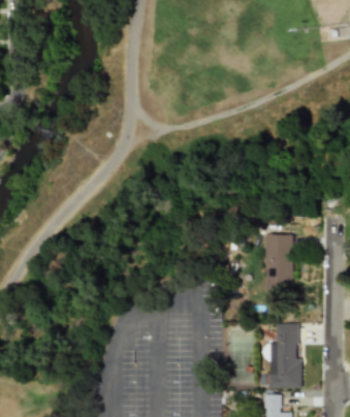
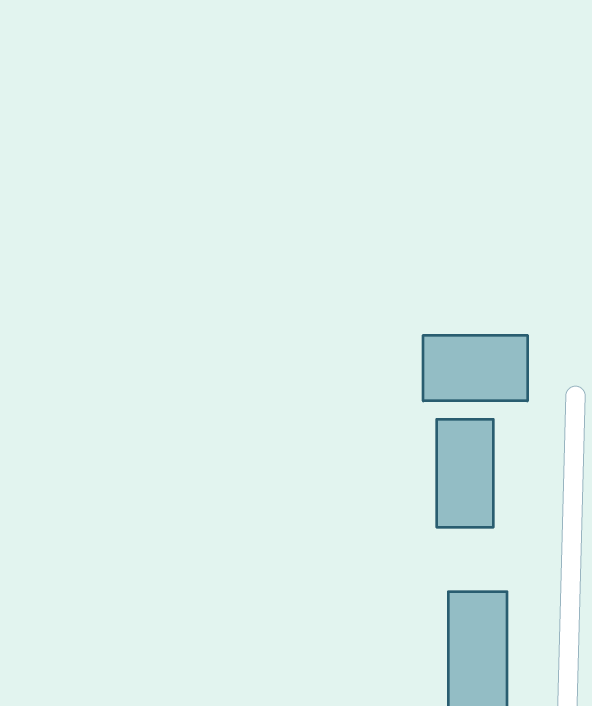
building: none -> [423,335,527,401]

